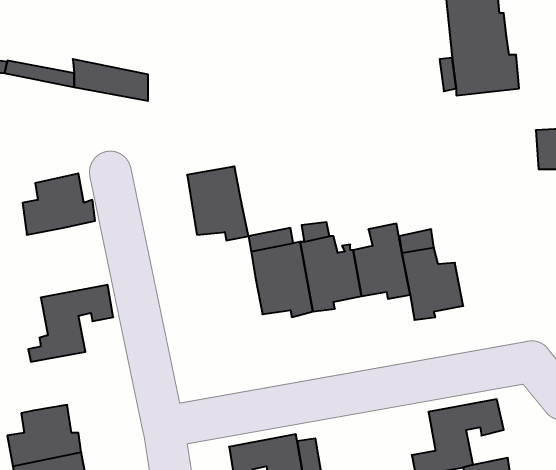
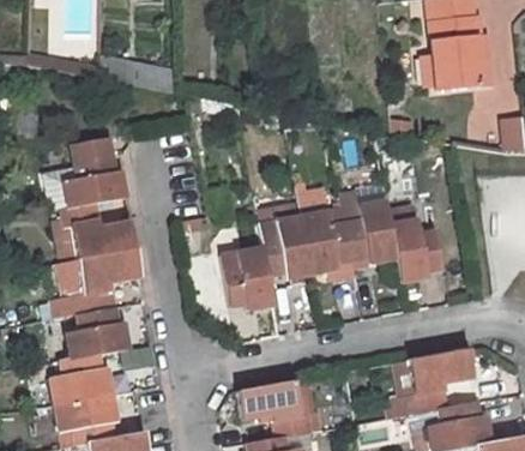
building: [187,166,249,240] -> [221,246,273,309]
building: none -> [60,203,134,263]
building: none -> [66,309,128,360]

